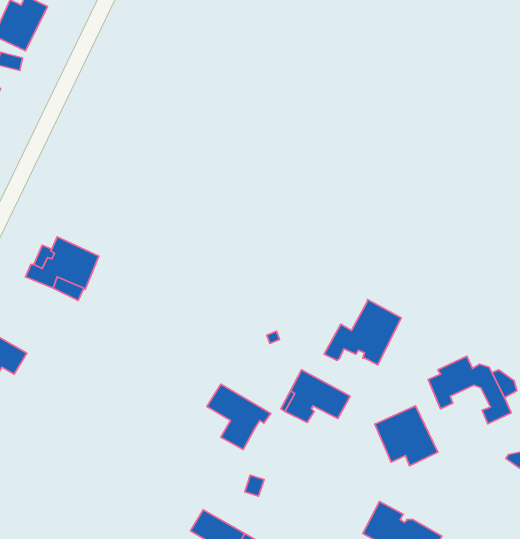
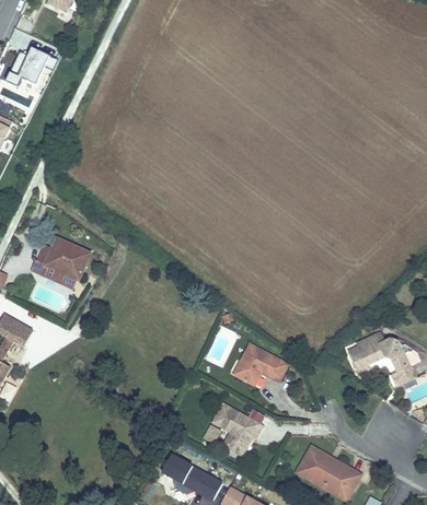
building: [324,300,401,365] -> none
building: [207,384,271,449] -> [212,403,263,455]
building: [375,406,438,466] -> none

